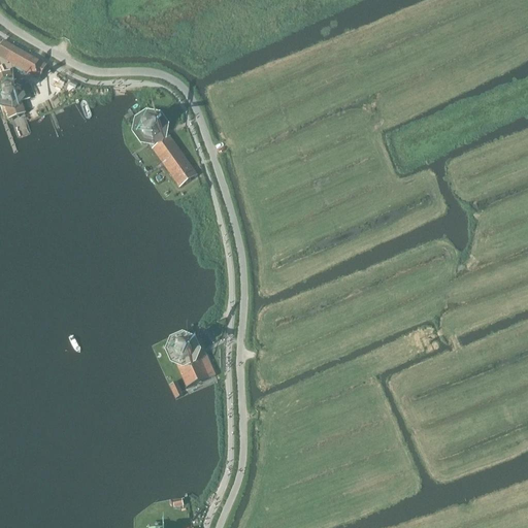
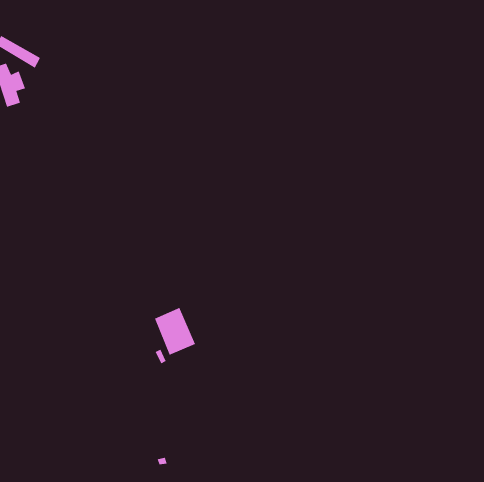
building: [134,111,195,186] -> none

